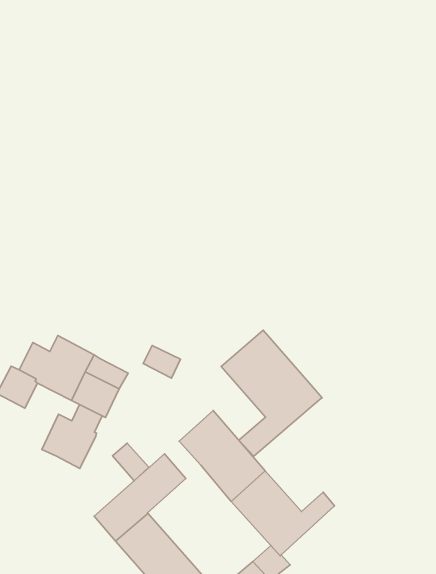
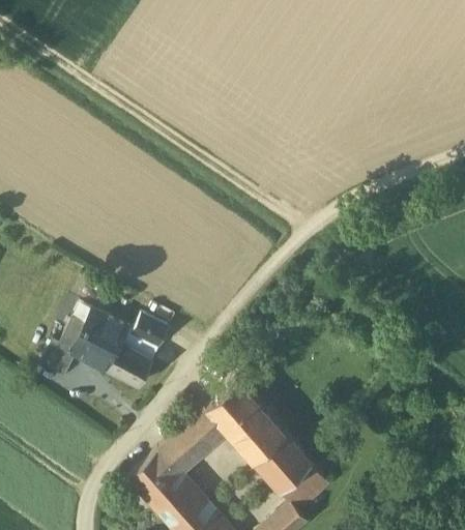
building: [221,330,322,456] -> none
building: [143,345,181,378] -> [134,316,168,346]
building: [42,404,102,468] -> none
building: [112,443,149,481] -> [193,408,226,442]

